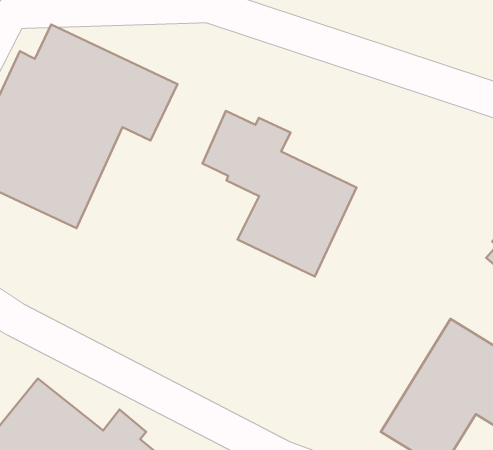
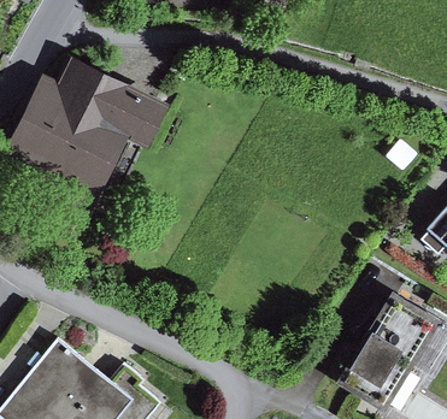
building: [202,111,357,277] -> none

